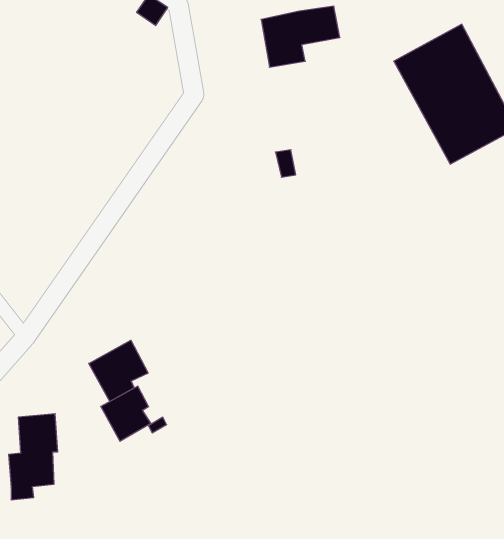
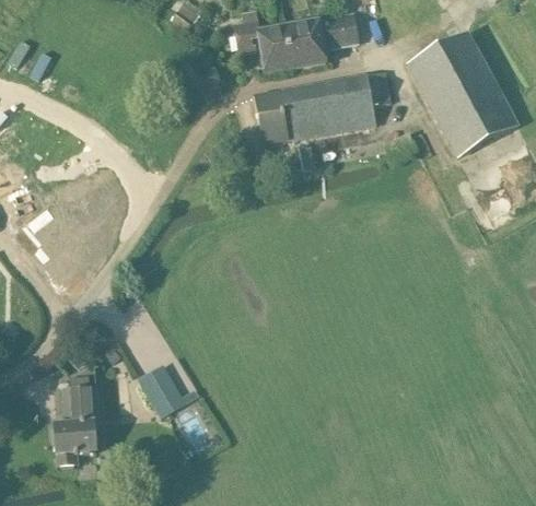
building: none -> [234,16,292,75]
building: none -> [254,72,391,144]
building: [89,340,148,402] -> none

